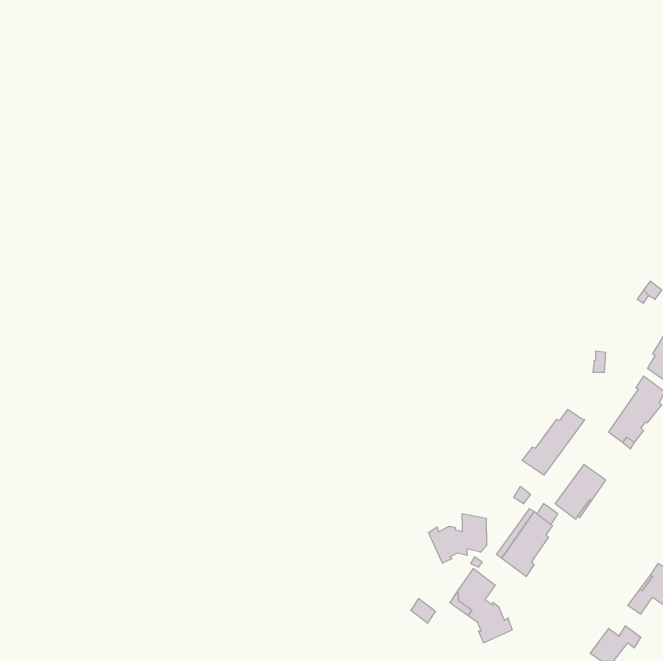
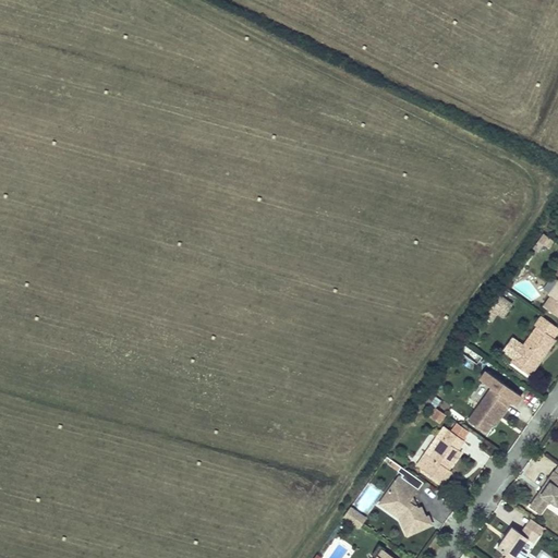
building: [522,409,584,475] -> none
building: [429,514,486,563] -> none

